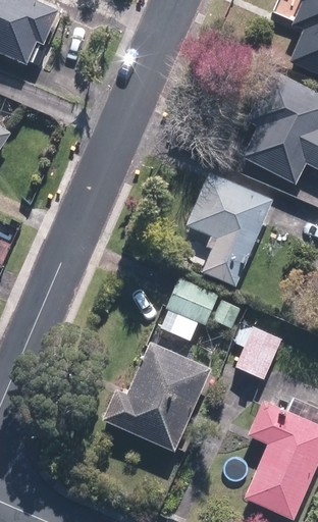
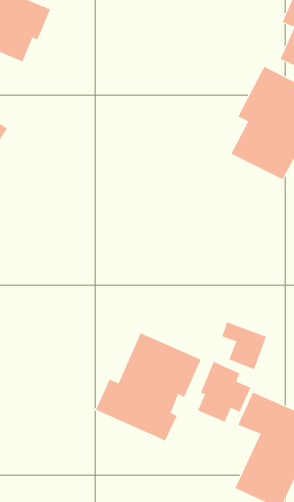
building: [187,171,274,284] -> none
building: [161,275,216,337] -> [197,361,251,423]

